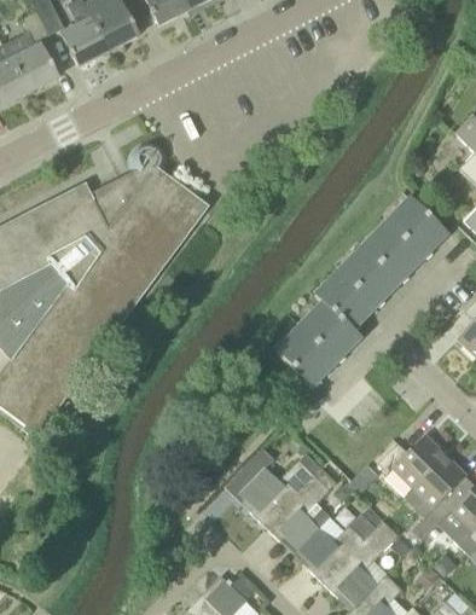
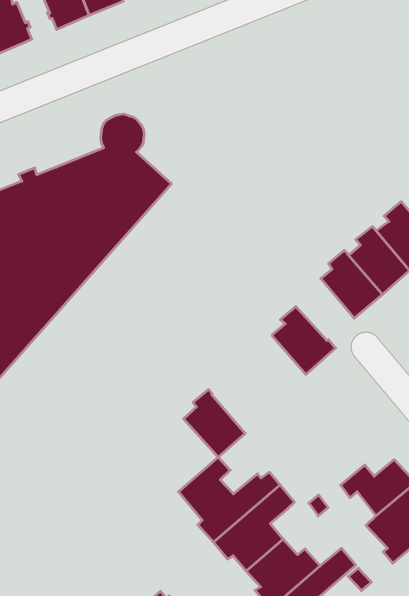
building: [318,269,376,330] -> none
building: [278,325,336,387] -> [184,389,245,457]

